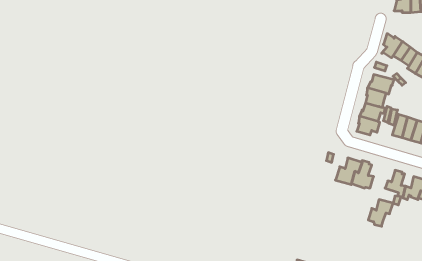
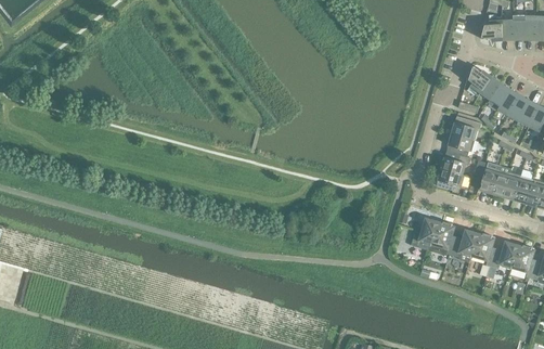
building: [368,200,393,226] -> [452,230,482,262]

